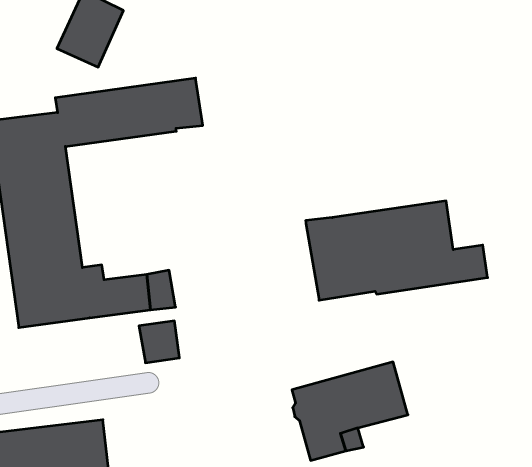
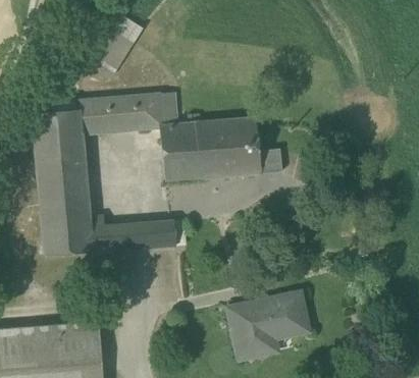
building: [306,201,488,300] -> [160,117,282,180]
building: [139,321,179,363] -> [150,220,176,248]

